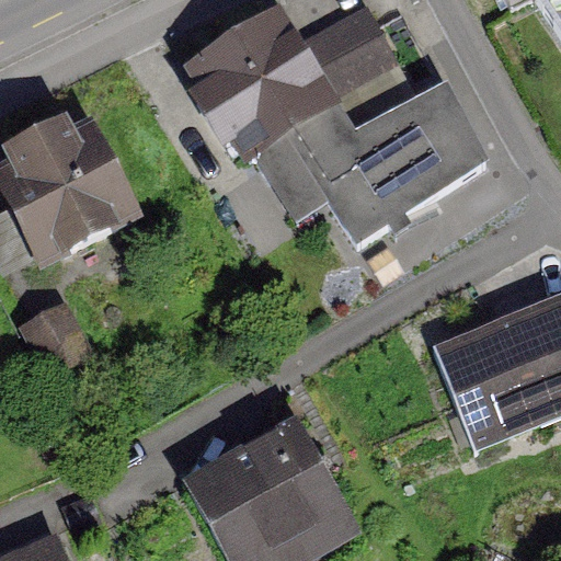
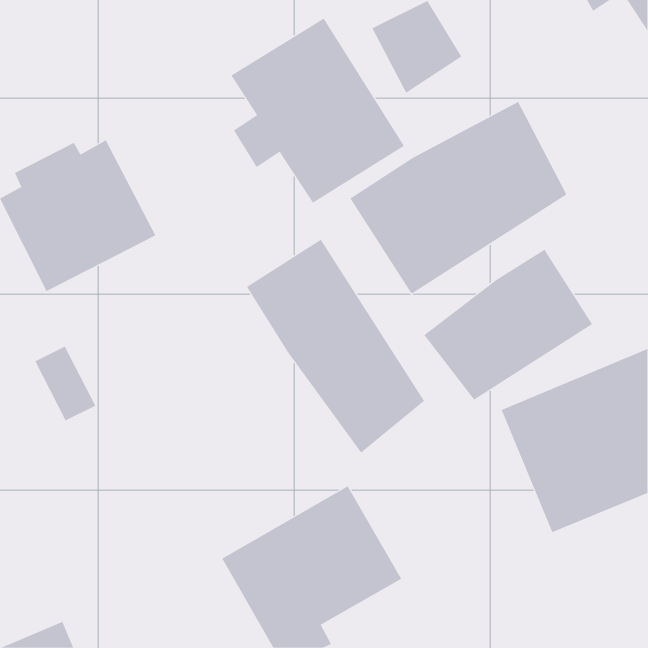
building: none -> [246,239,425,453]
building: none -> [424,249,593,401]

